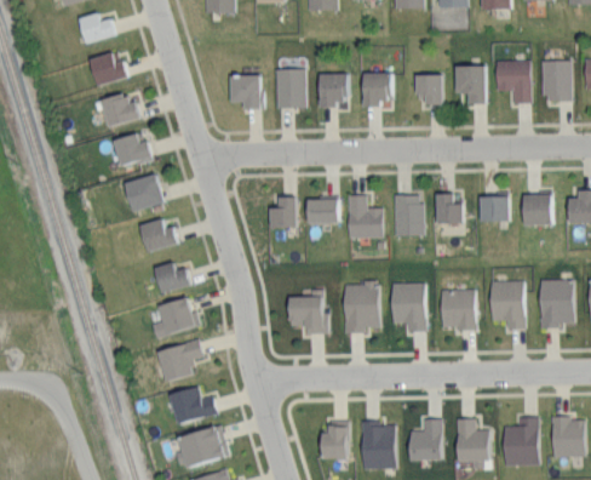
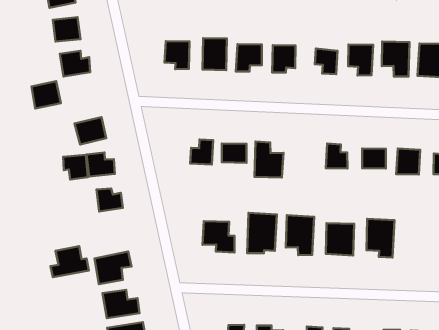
building: [114,132,151,167] -> [31,81,61,108]
building: [394,194,424,235] -> none
building: none -> [63,155,88,180]
building: [540,279,574,327] -> none
building: [153,296,200,336] -> [51,246,89,277]

